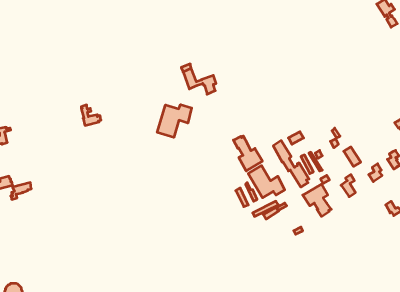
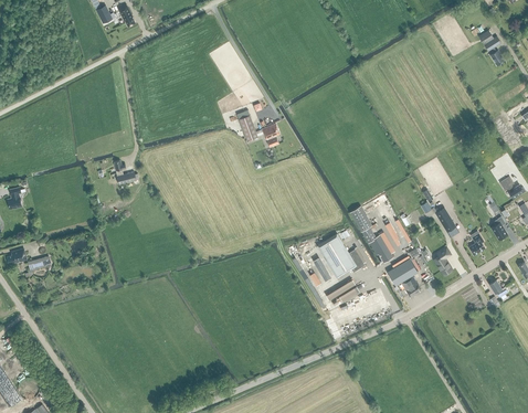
building: [157,105,192,137] -> none
building: [233,136,262,171] -> none

